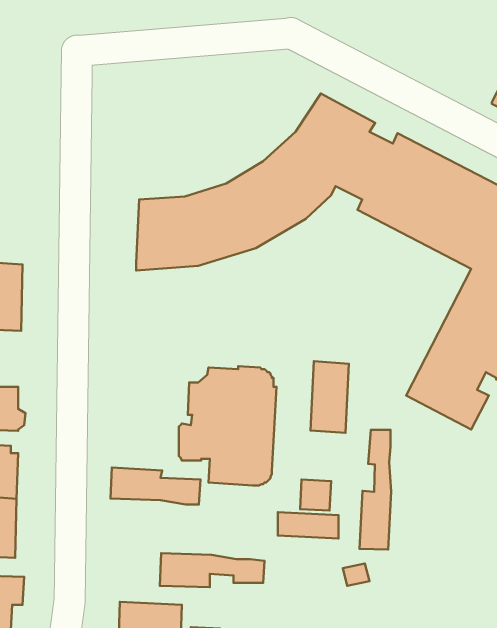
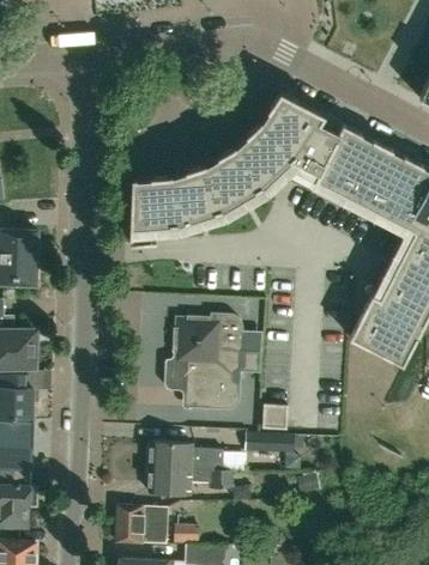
building: [310,361,349,433] -> none
building: [360,430,391,550] -> none
building: [110,468,200,504] -> [150,442,223,472]

